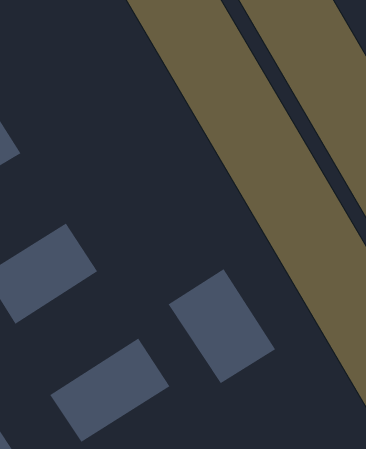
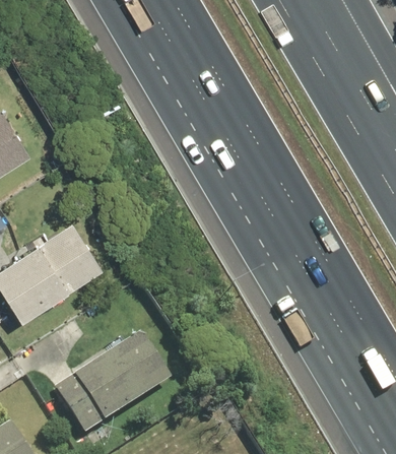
building: [168,268,276,384] -> none

